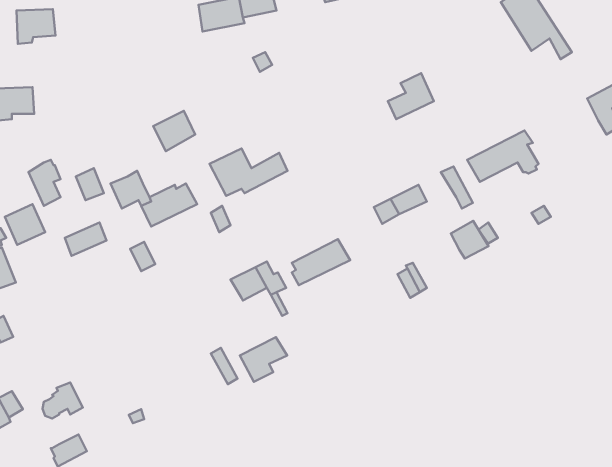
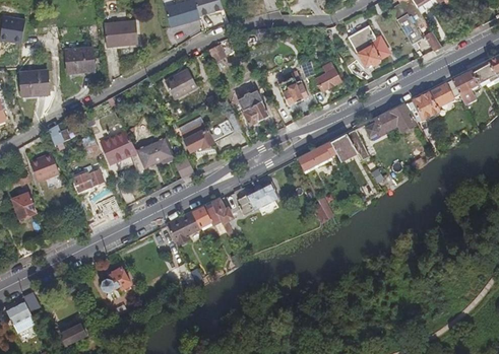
building: [17,9,56,44] -> [64,44,92,69]
building: none -> [104,23,136,48]
building: none -> [349,25,390,68]
building: none -> [276,70,305,104]
building: none -> [407,79,460,123]
building: [153,111,195,151] -> [166,69,196,98]
building: none -> [236,89,267,122]
building: [451,221,489,259] -> [329,133,357,160]
building: [240,337,287,382] -> [166,211,200,243]
building: [42,382,83,419] -> [103,268,132,294]

